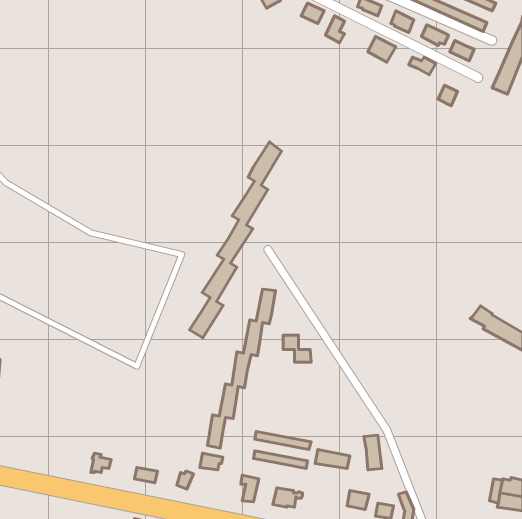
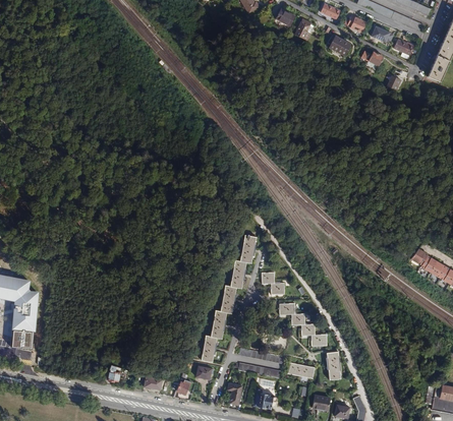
building: [190,142,282,338] -> none
building: none -> [279,302,326,345]

